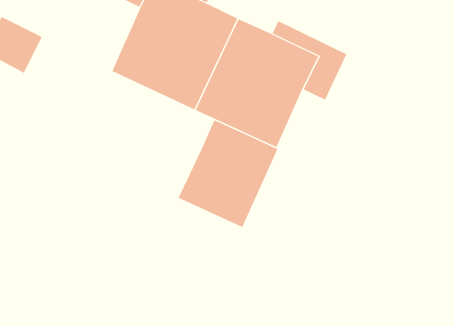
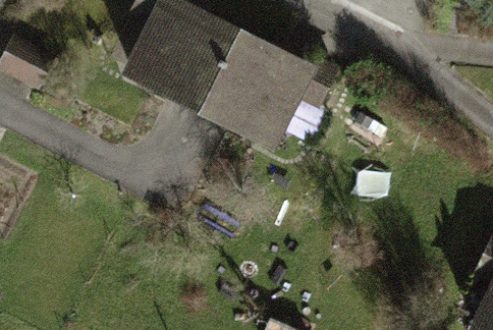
building: [178,120,278,228] -> none

